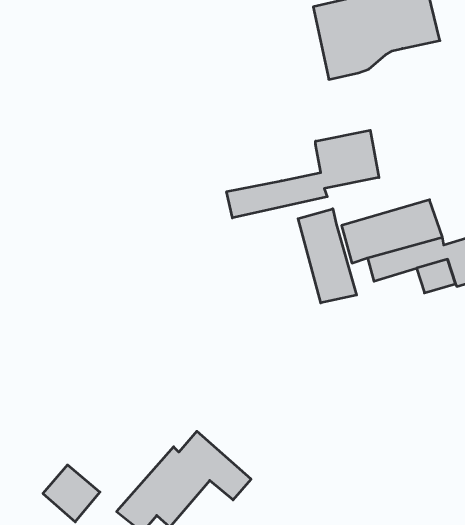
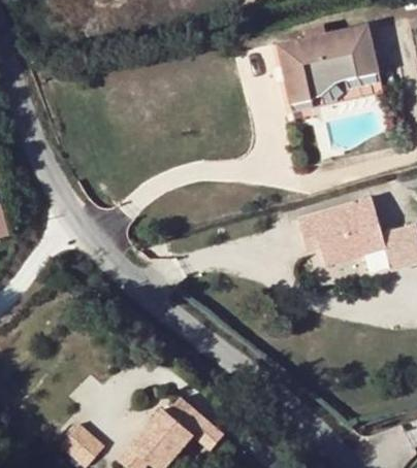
building: [227,130,379,218] -> none
building: [298,209,357,303] -> none

